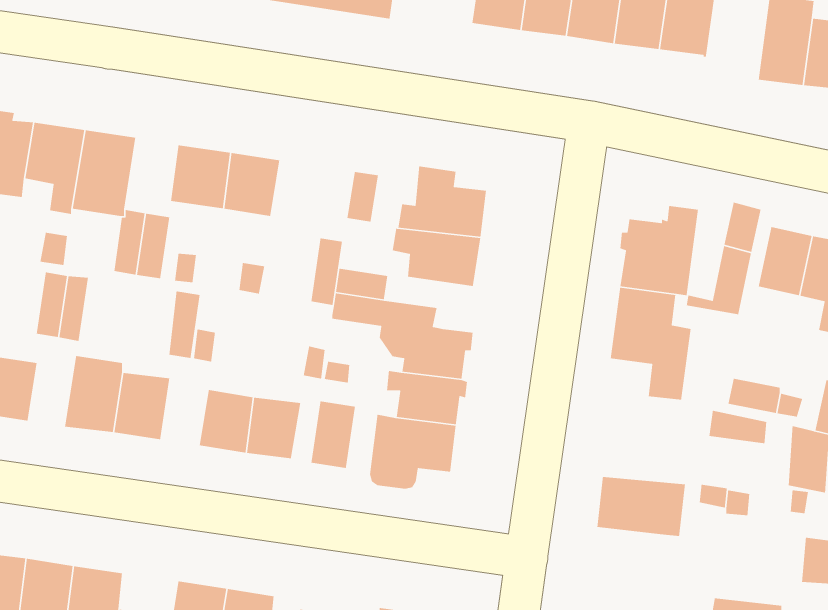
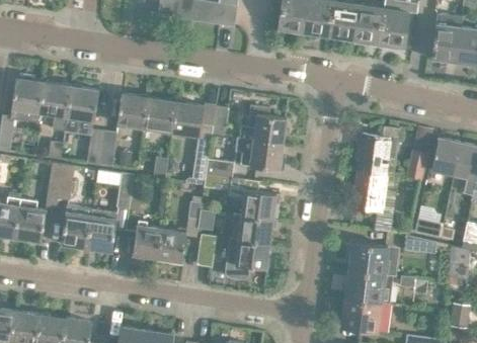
building: none -> [170,102,204,137]
building: none -> [347,243,398,275]
building: none -> [340,298,380,332]

